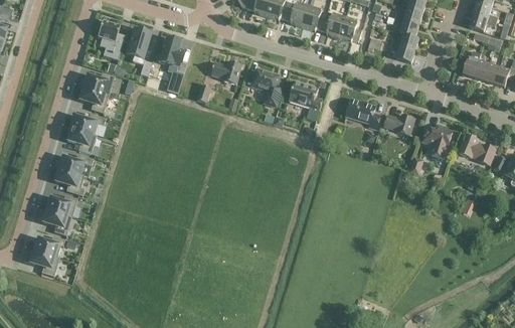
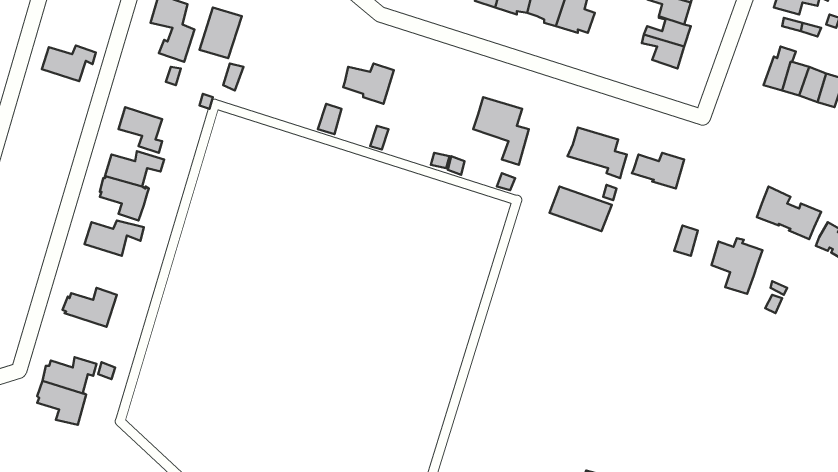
building: [158,37,185,92] -> none
building: [252,69,283,106] -> none
building: [82,72,115,94] -> [42,46,96,81]
building: [422,125,453,158] -> [712,238,762,294]
building: none -> [549,187,612,231]
building: [54,168,84,195] -> none
building: [42,209,71,235] -> none

